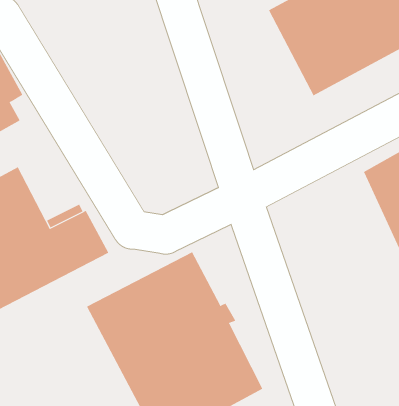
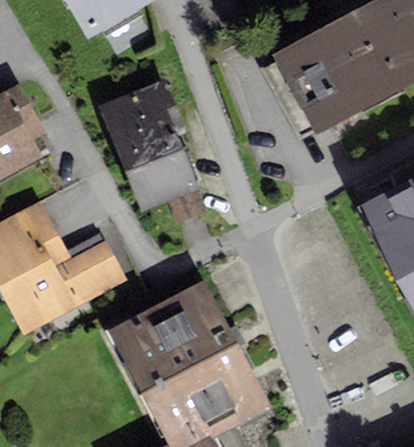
building: none -> [95,77,206,223]

